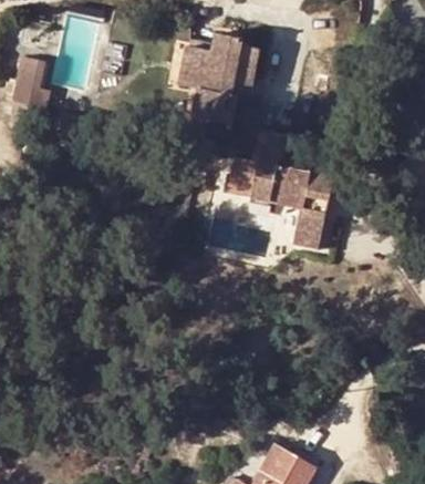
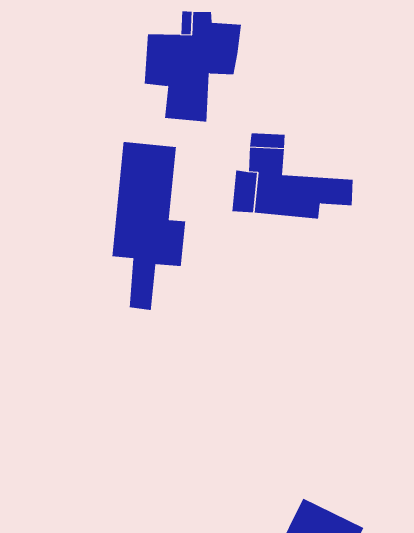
building: none -> [112,141,186,311]
building: [301,197,335,251] -> none

